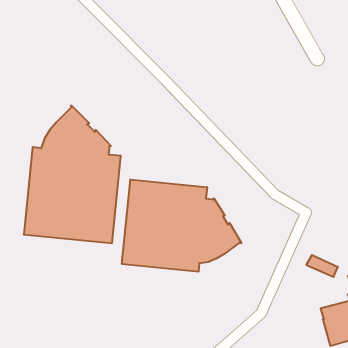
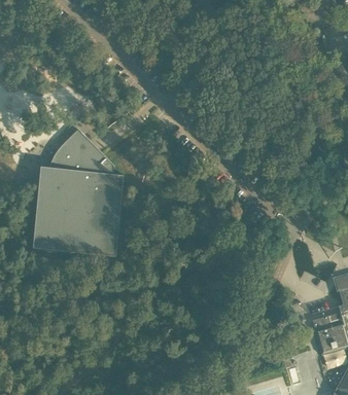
building: [122,179,241,272] -> none

